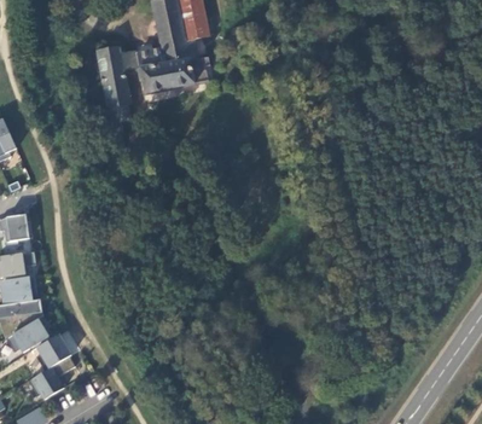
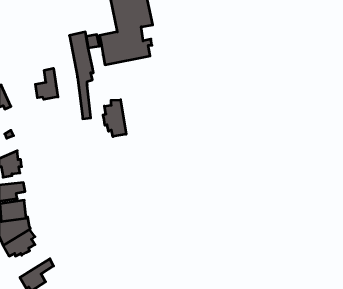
building: none -> [35,68,58,99]
building: none -> [103,100,126,137]
building: [35,335,70,372] -> none

